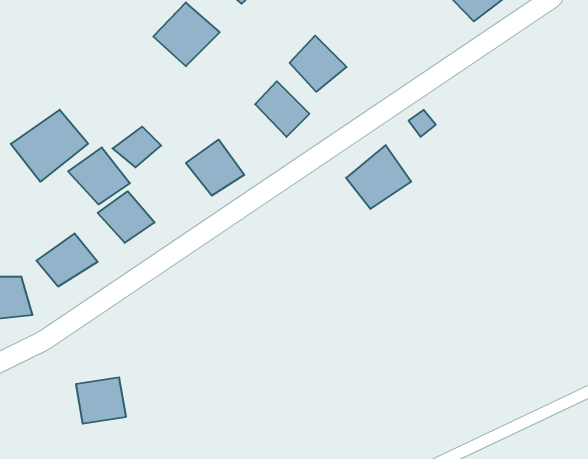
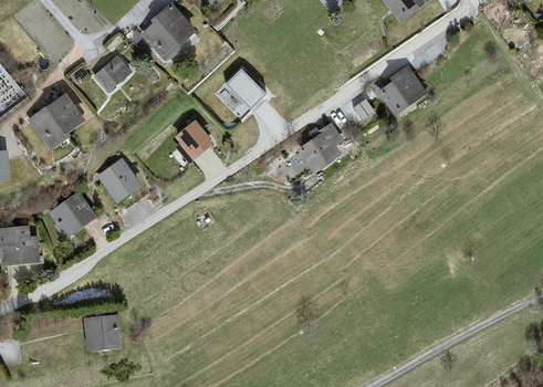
building: [290,36,347,92] -> none
building: none -> [378,67,430,115]
building: [112,127,161,167] -> [92,57,132,91]
building: [68,147,130,204] -> none

